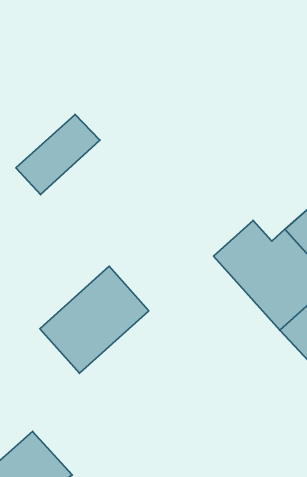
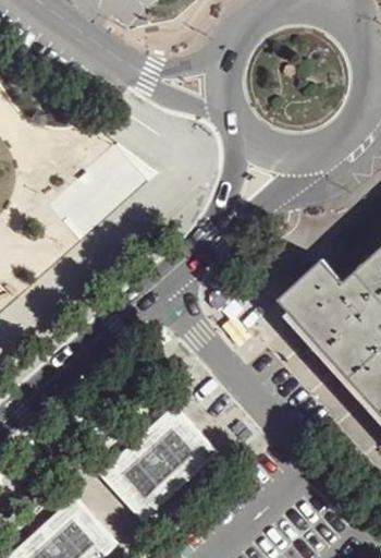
building: [40,266,149,373] -> [100,403,220,521]

